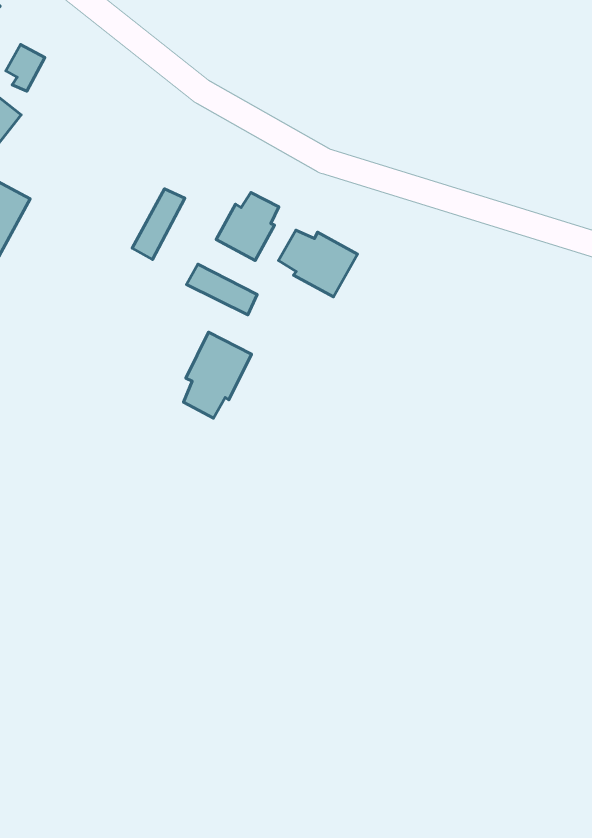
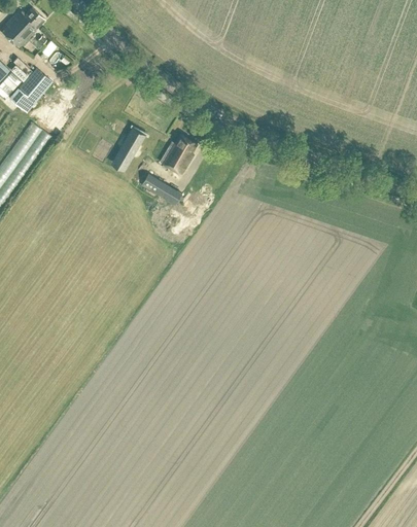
building: [279,230,357,297] -> none
building: [183,332,251,418] -> none

